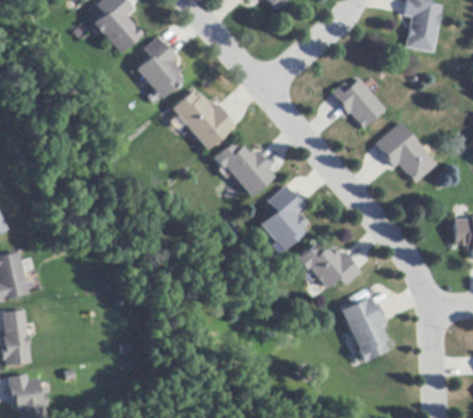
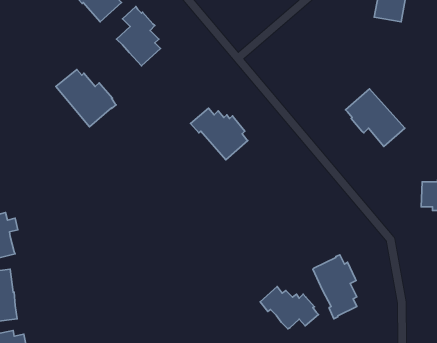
building: [332,78,385,128] -> none
building: [171,90,234,150] -> [56,69,116,127]
building: [260,185,306,250] -> none
building: [298,243,359,287] -> [260,287,318,329]

